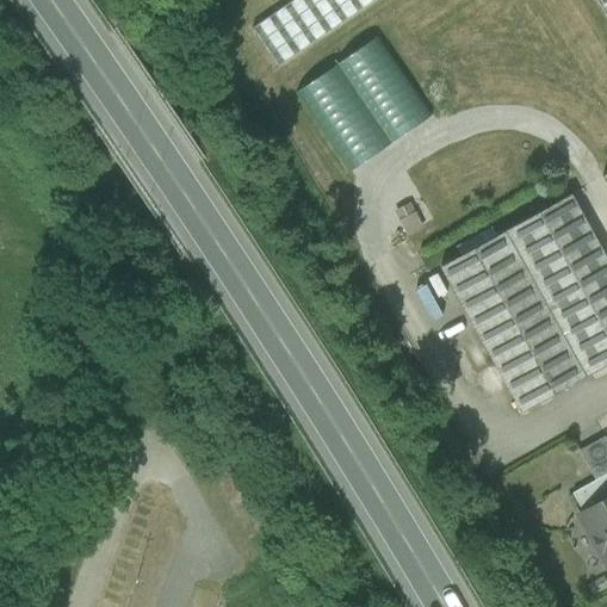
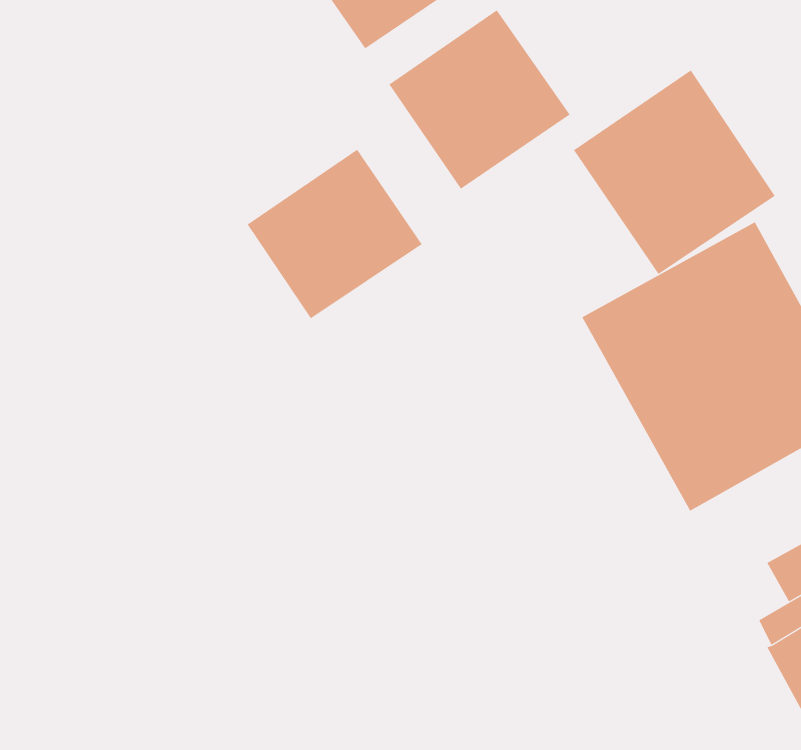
building: none -> [573,70,775,275]
building: none -> [247,149,422,319]

